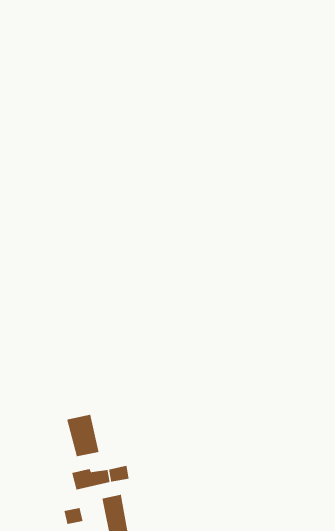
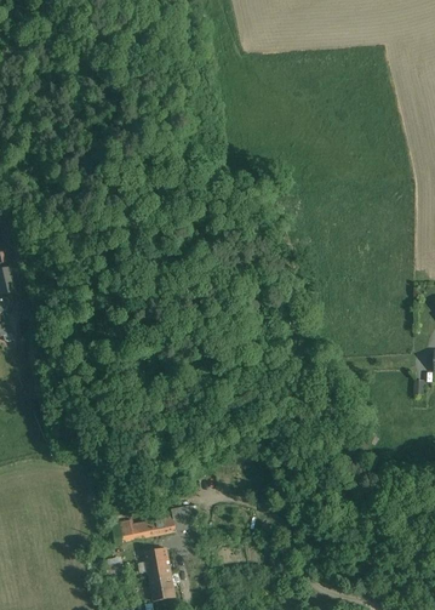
building: [66,414,100,457] -> none

